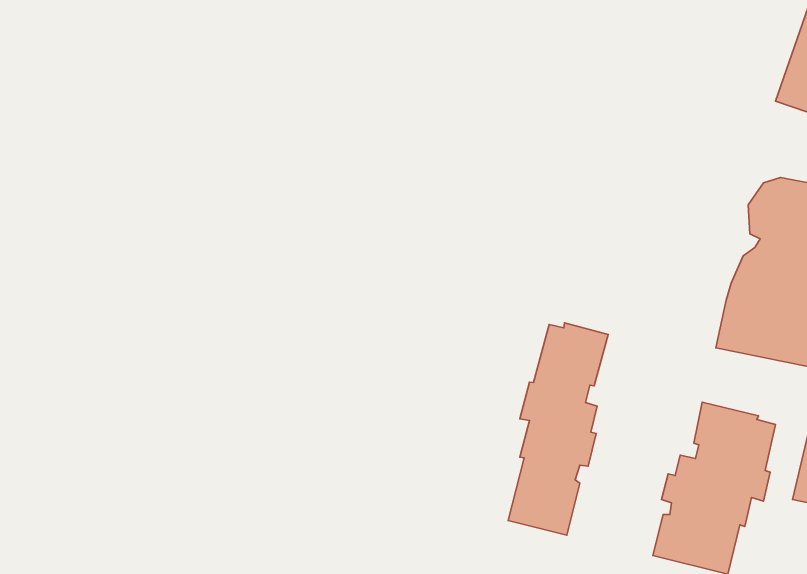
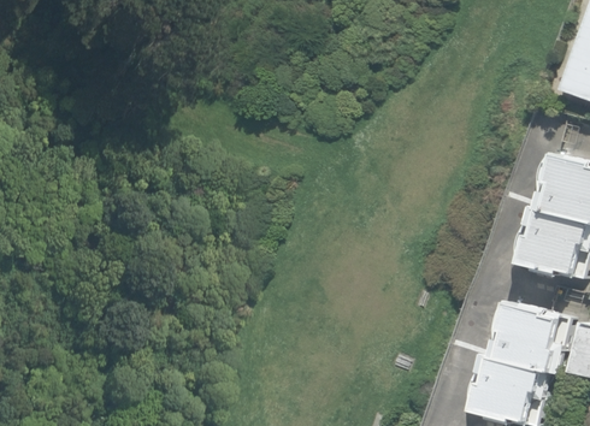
building: [508,323,608,535] -> none

